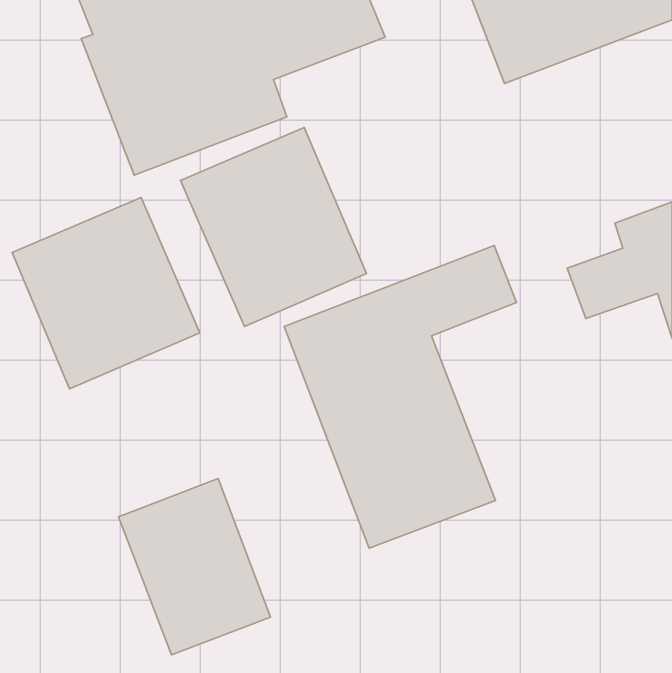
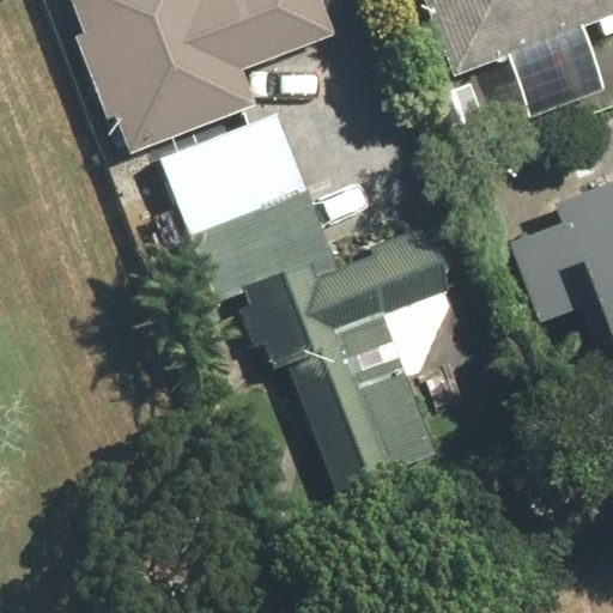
building: [12,198,200,389] -> none
building: [118,479,271,655] -> none

